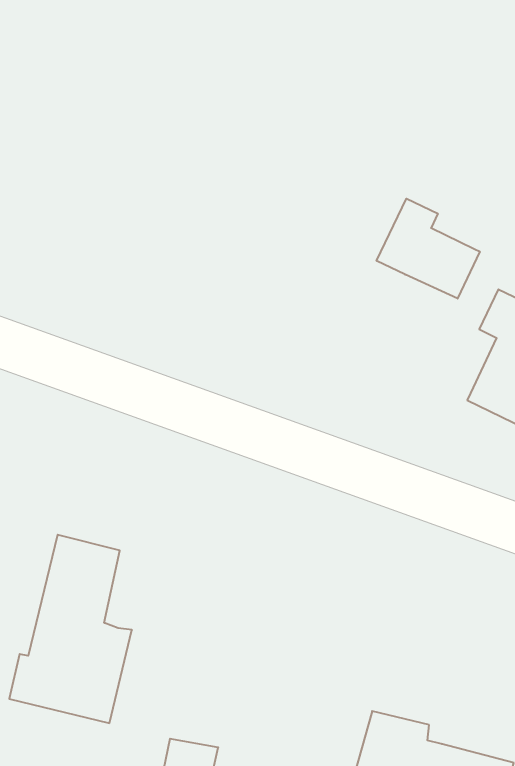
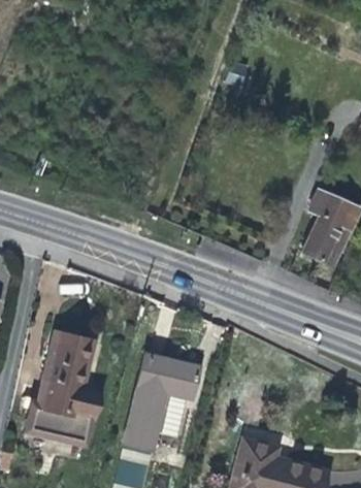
building: [377,199,480,299] -> none
building: none -> [125,353,198,448]

